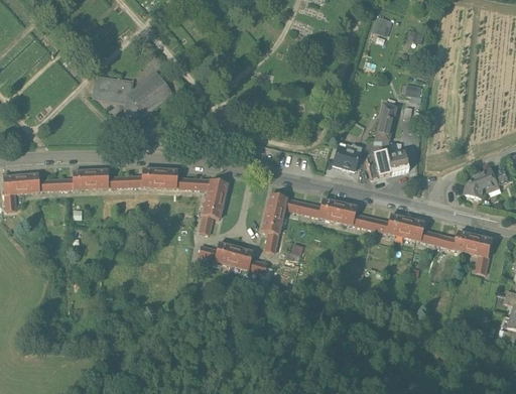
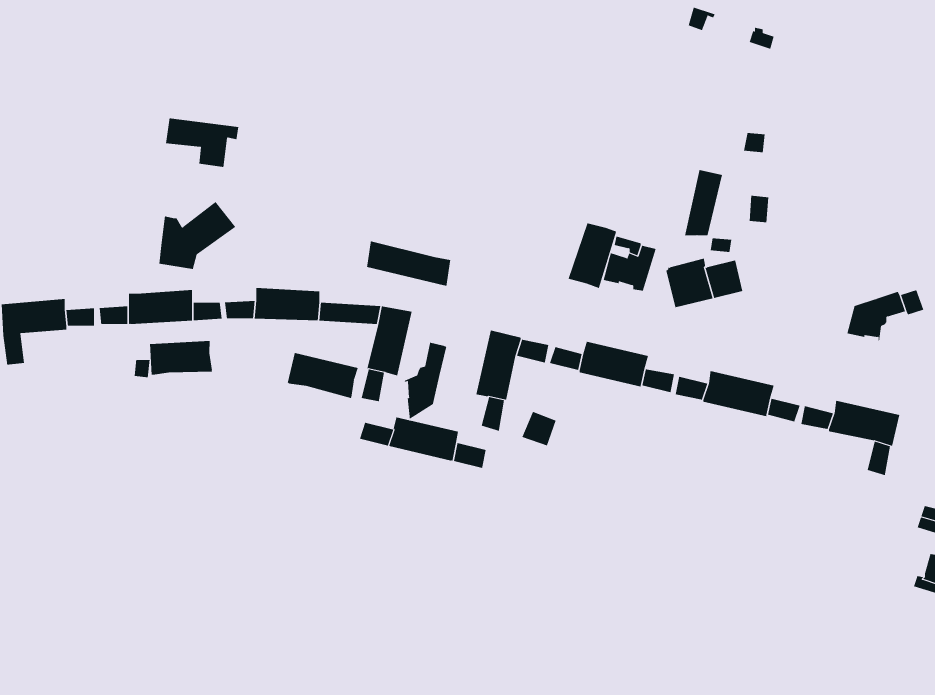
building: [123,81,165,118] -> [159,201,236,269]
building: none -> [568,222,617,289]
building: none -> [366,241,451,286]
building: none -> [149,340,212,376]
building: none -> [404,342,447,420]
building: none -> [287,352,359,399]

